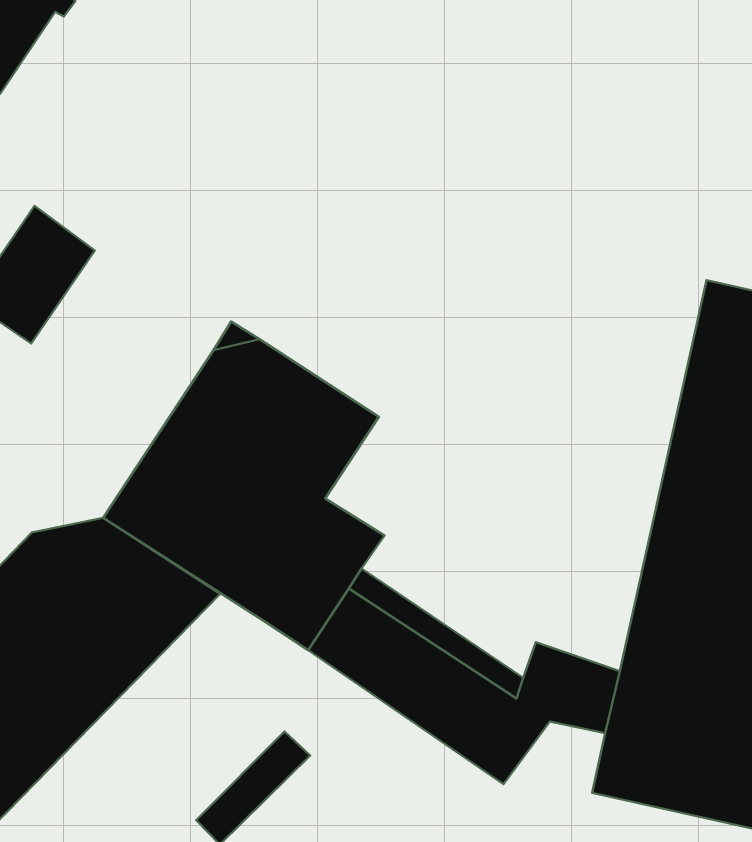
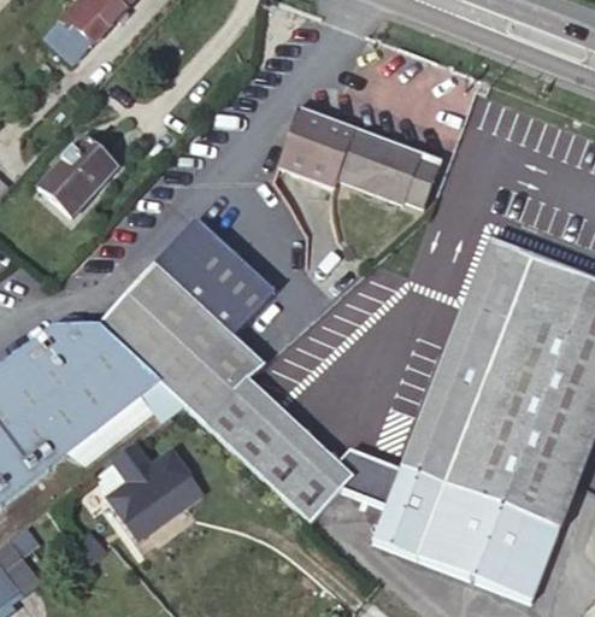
building: none -> [278,108,437,205]
building: none -> [98,445,190,518]

